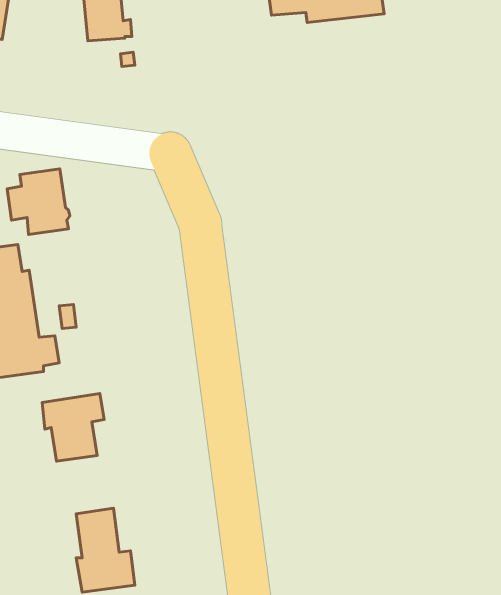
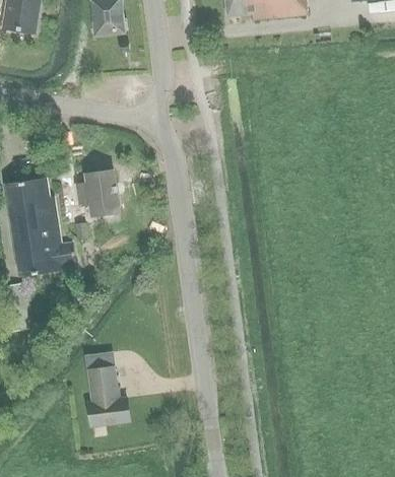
building: [7,169,70,234] -> [75,168,120,215]
building: [42,394,104,461] -> none

